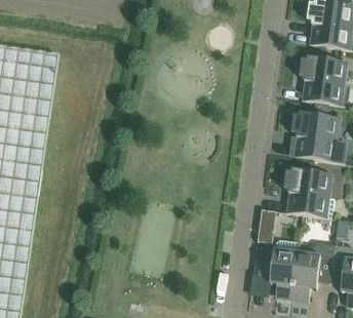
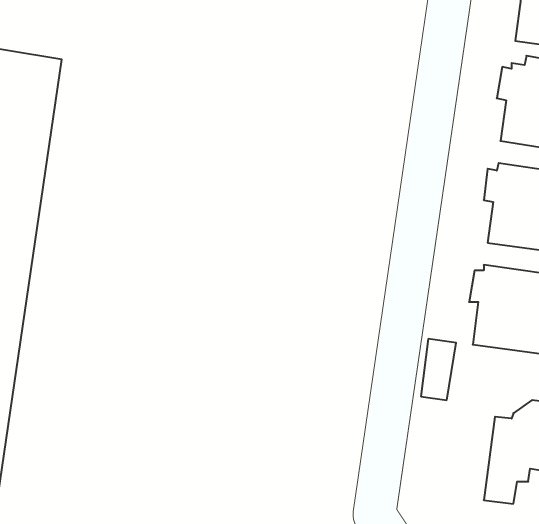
building: [258,240,299,300] -> none

